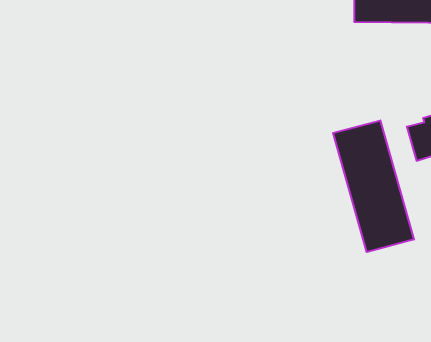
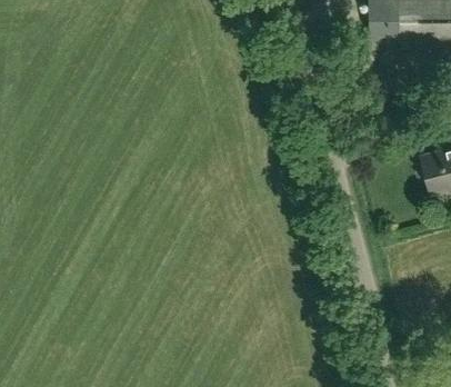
building: [333,120,414,252] -> none

